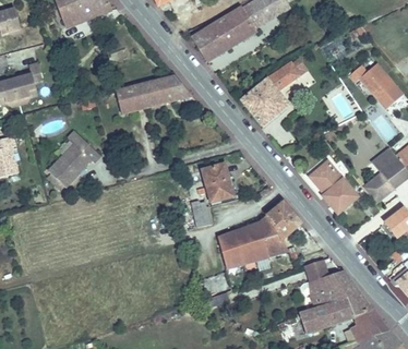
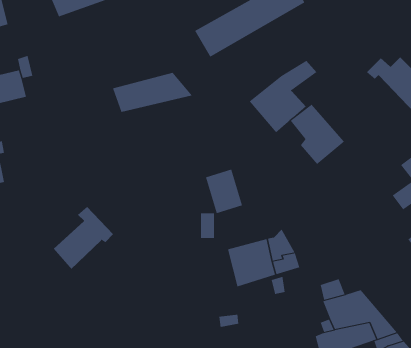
building: [52,132,107,189] -> [53,206,114,270]
building: [309,160,358,215] -> [290,104,345,165]
building: [268,203,297,237] -> none

